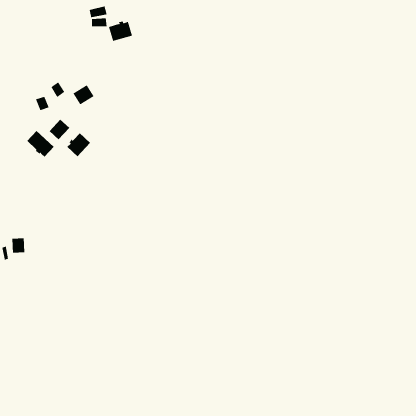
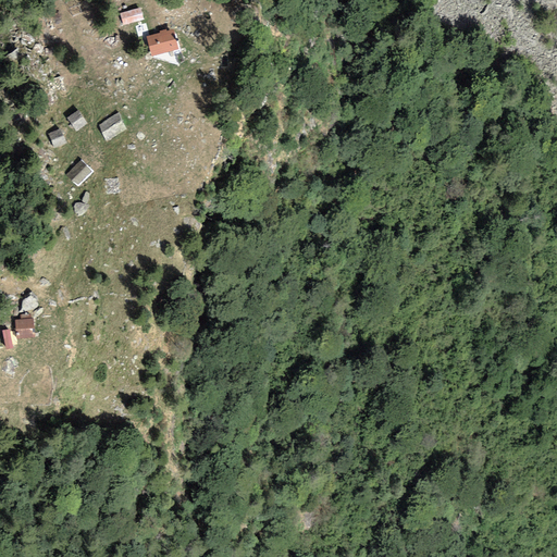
building: [27,130,54,158] -> none
building: [67,133,91,157] -> none

